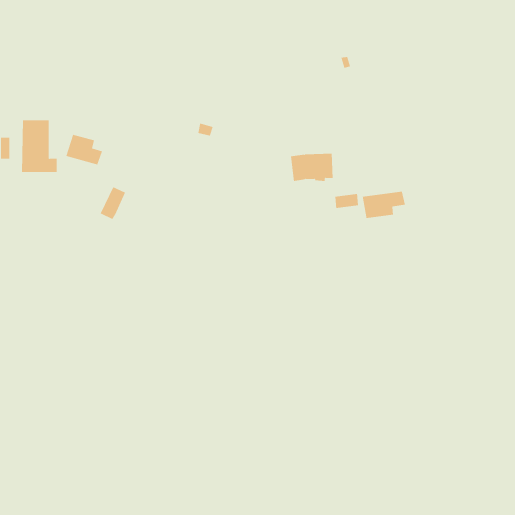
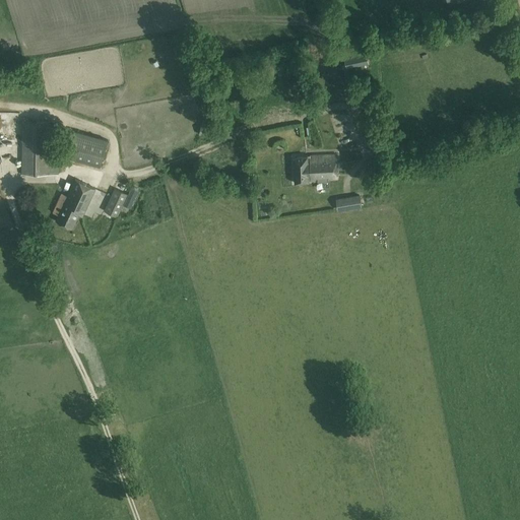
building: none -> [56,178,94,228]
building: [362,191,405,219] -> none

